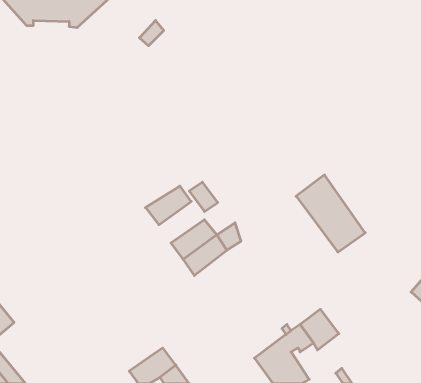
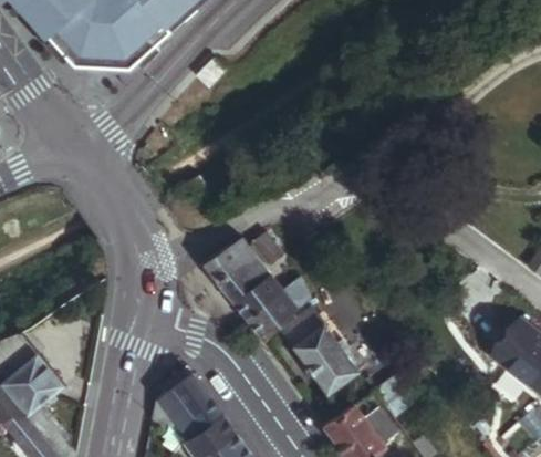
building: [296,175,365,252] -> [281,309,356,393]
building: none -> [219,257,269,302]
building: none -> [155,376,223,442]

